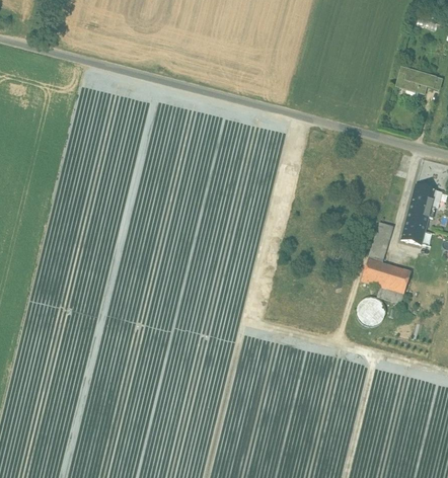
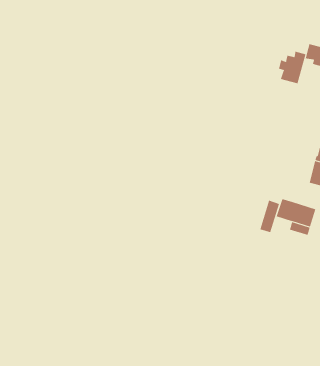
building: none -> [279,51,306,84]
building: [368,221,393,261] -> [259,200,280,233]

